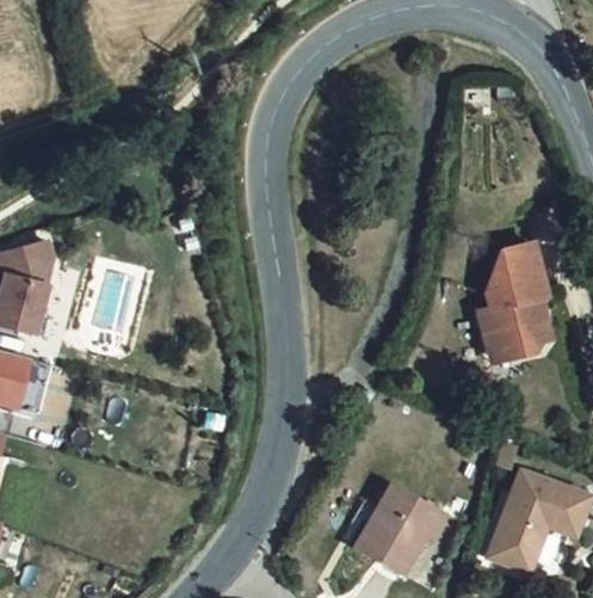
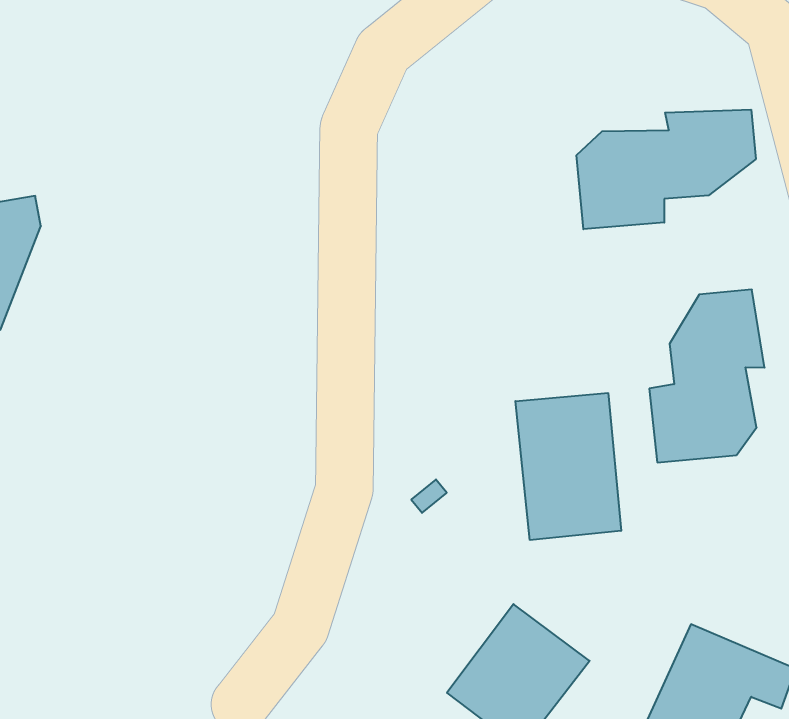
building: none -> [577,110,756,229]
building: none -> [515,393,621,540]

